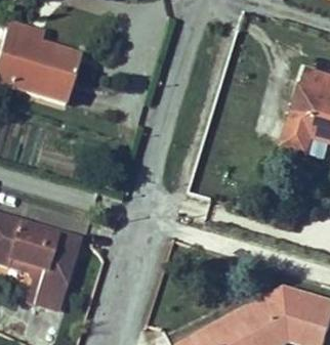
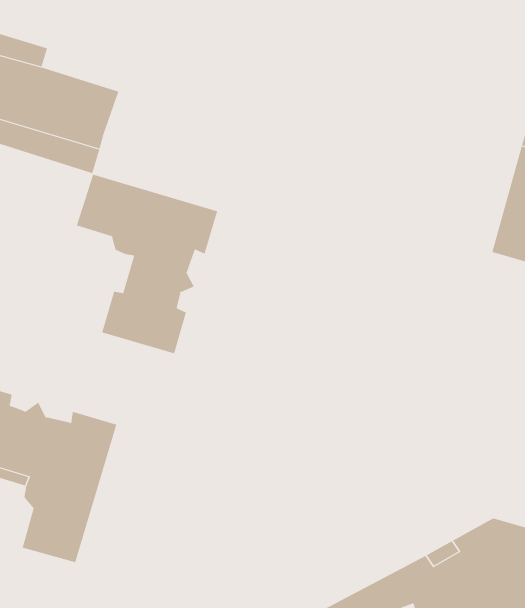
building: none -> [76,174,218,354]

